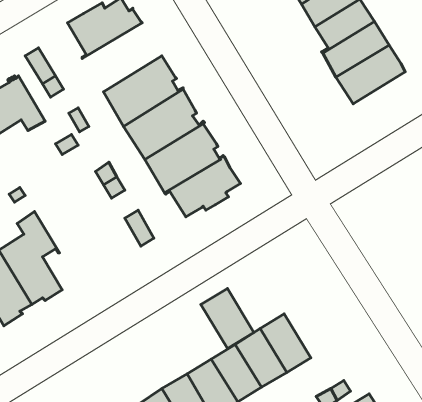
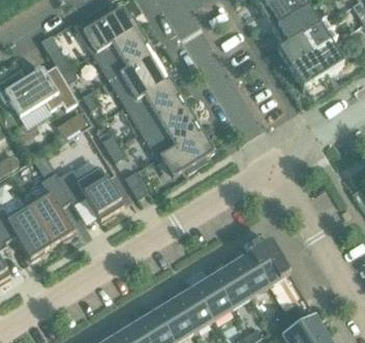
building: none -> [91,25,154,79]
building: none -> [54,163,123,222]
building: [201,289,254,348] -> [248,239,290,285]

